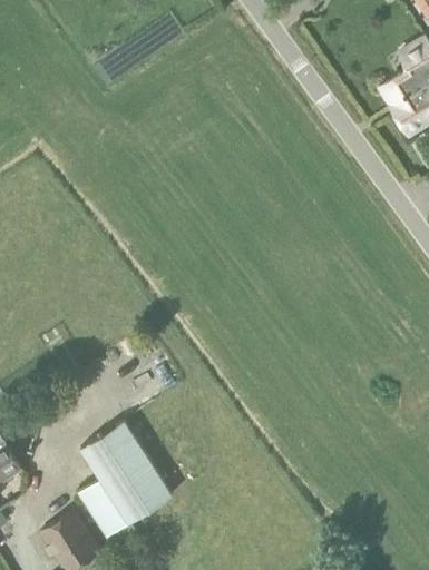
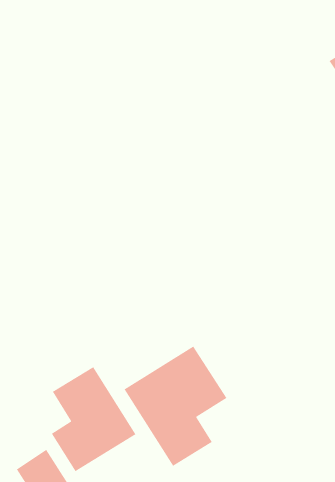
building: none -> [124,345,227,467]

